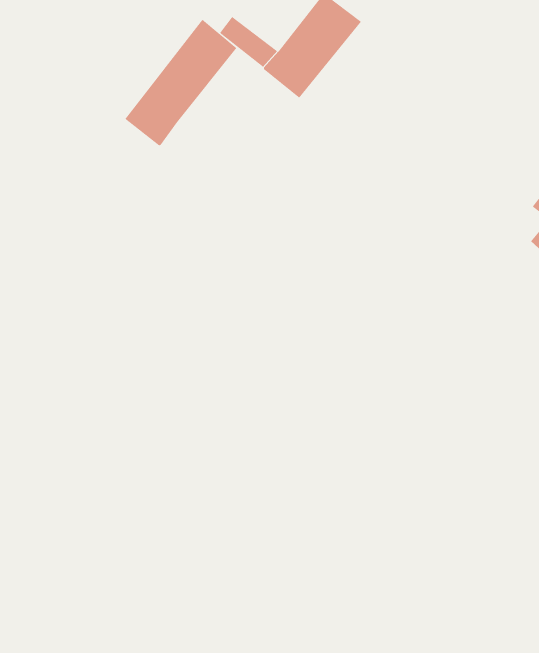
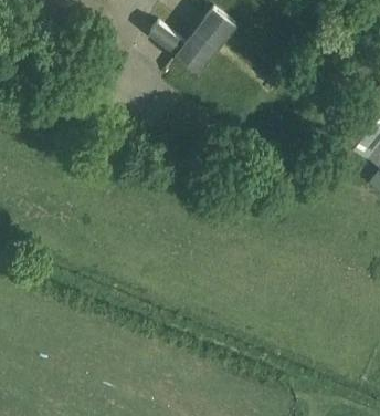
building: [125,19,237,146] -> none

